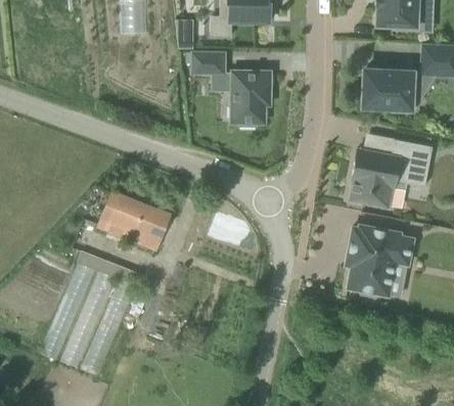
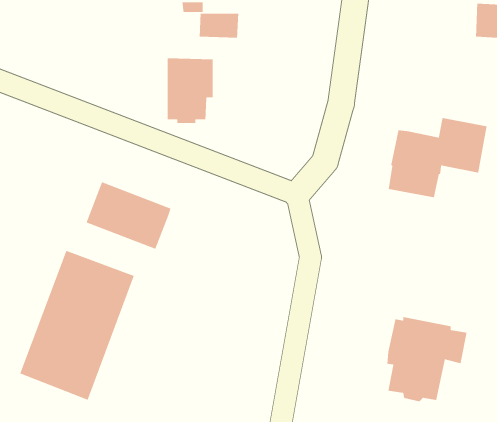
building: [365,70,413,112] -> none
building: [232,71,271,126] -> [167,58,213,124]
building: [347,225,414,297] -> [386,316,467,402]

